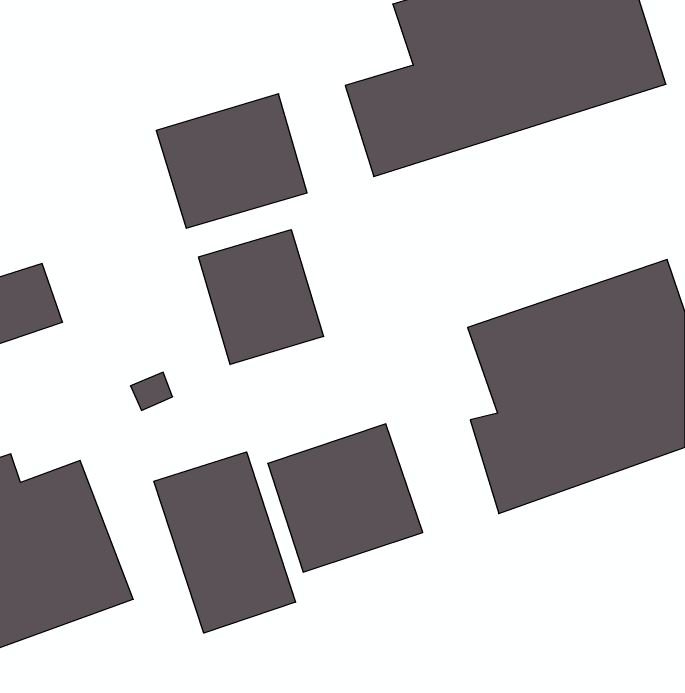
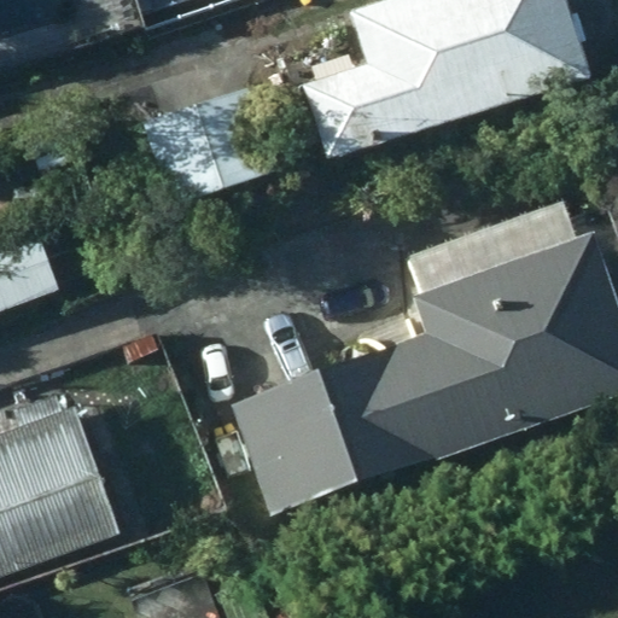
building: [198,230,324,365] -> none
building: [154,452,296,633] -> none

